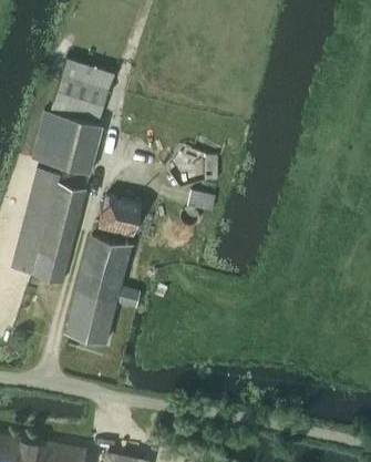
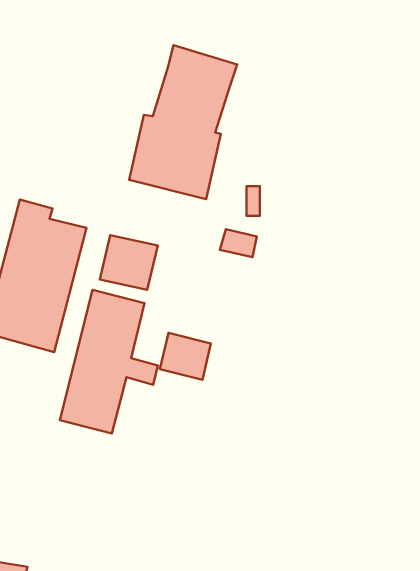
building: [32,59,113,174] -> [129,45,237,199]
building: none -> [160,333,211,380]

